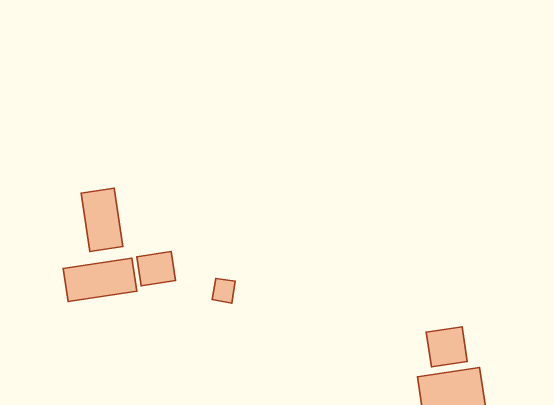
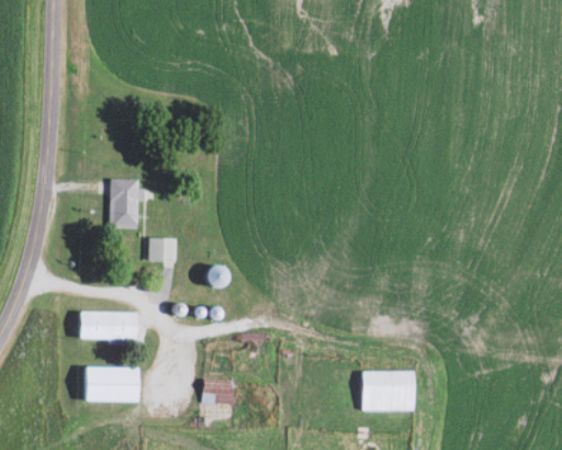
building: [63,258,137,302] -> [80,312,137,339]
building: [426,327,467,367] -> none

